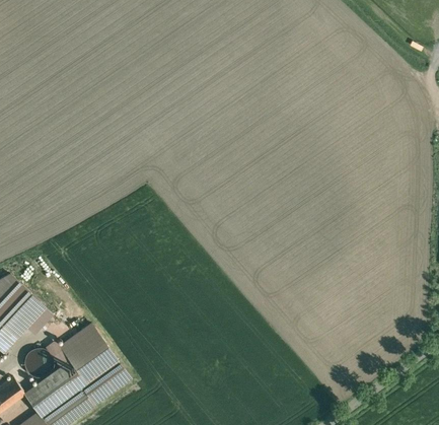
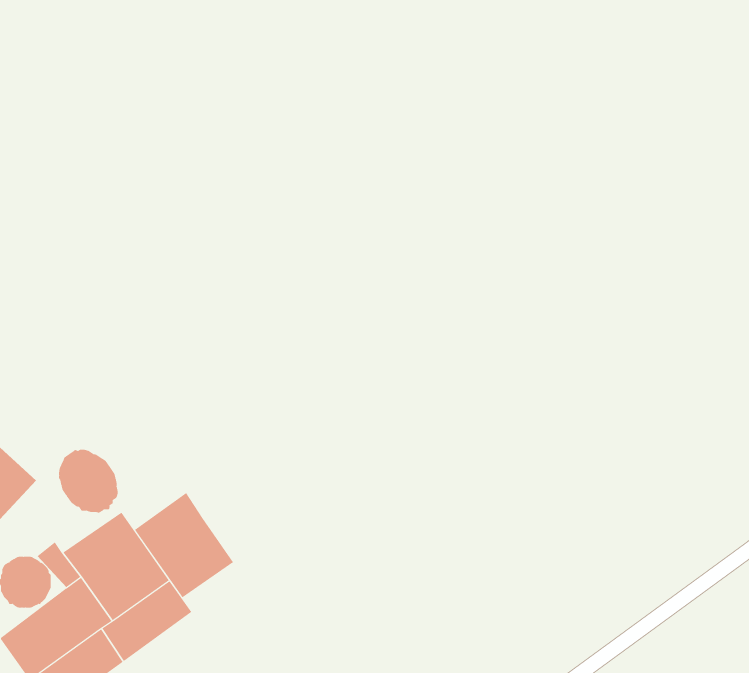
building: none -> [58,449,118,514]
building: none -> [134,492,234,598]

